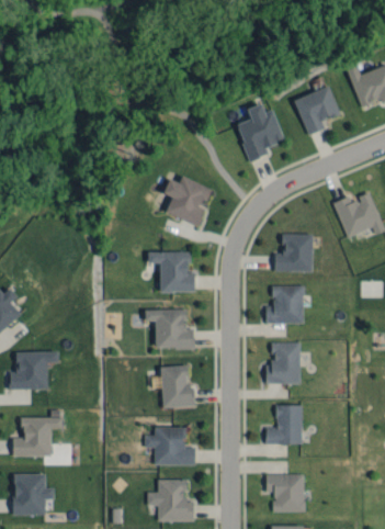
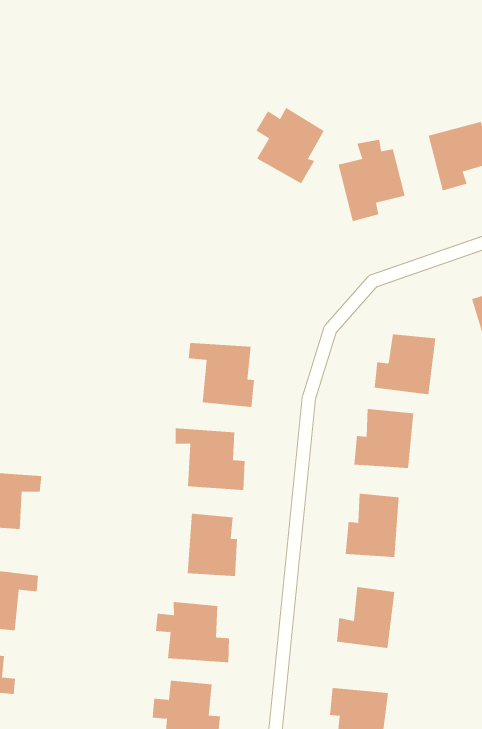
building: [165,176,211,226] -> [256,107,325,184]

